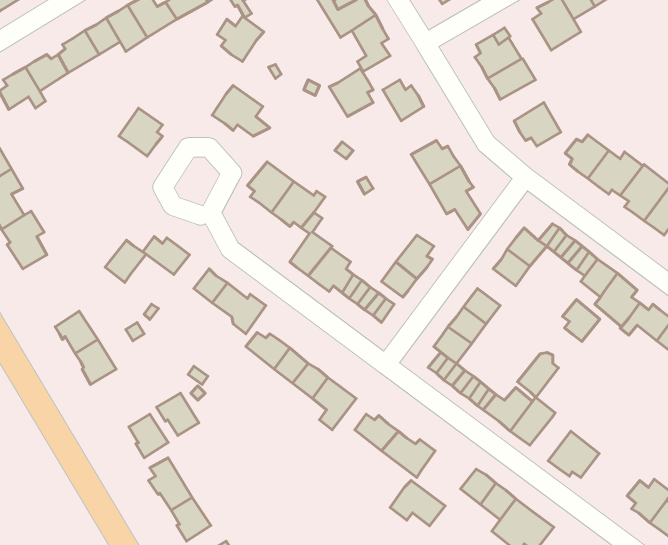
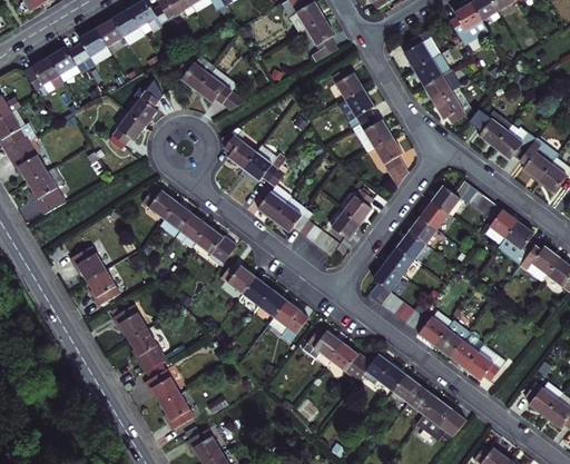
building: [217,16,264,61] -> [176,59,213,95]
building: [329,69,373,117] -> [338,88,373,126]
building: none -> [423,66,462,99]
building: none -> [109,116,145,150]
building: [105,240,146,283] -> [161,205,194,238]
building: none -> [405,216,435,245]
building: [562,300,600,342] -> none
building: [517,352,558,398] -> [446,332,479,367]
building: [157,393,199,435] -> [114,307,147,340]
building: [390,481,445,526] -> [361,354,404,389]

